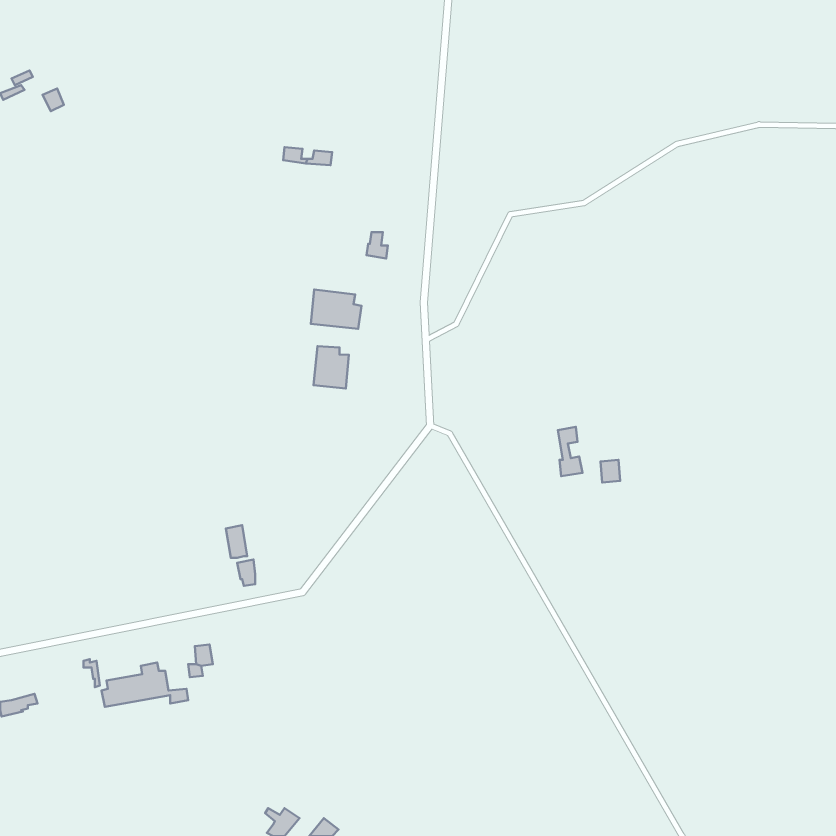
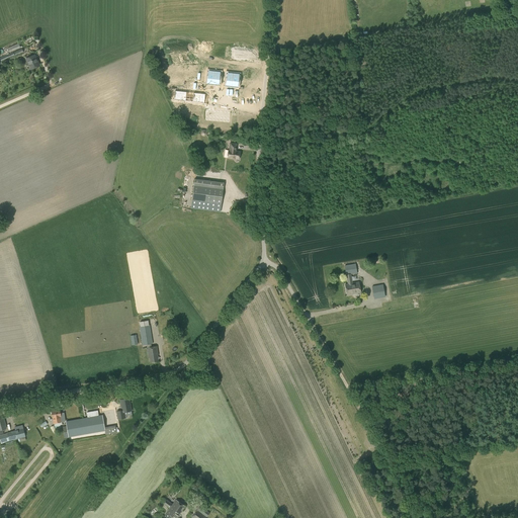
building: [314,346,349,389] -> none

